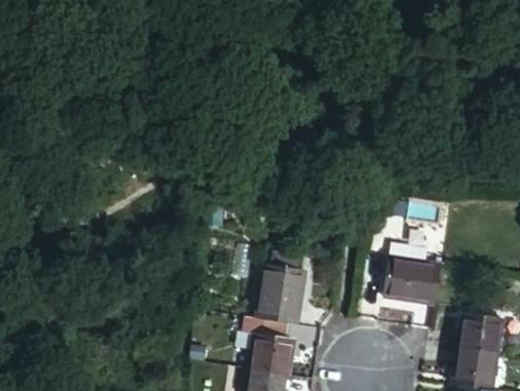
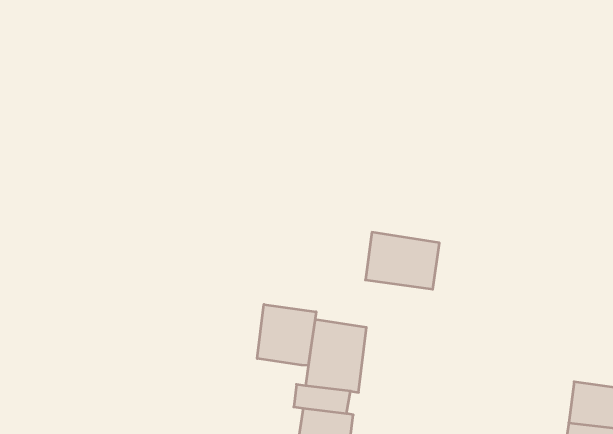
building: none -> [257,304,316,366]
building: [385,260,443,304] -> [365,232,439,289]

